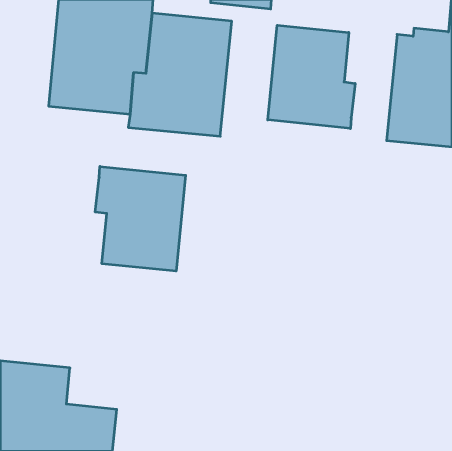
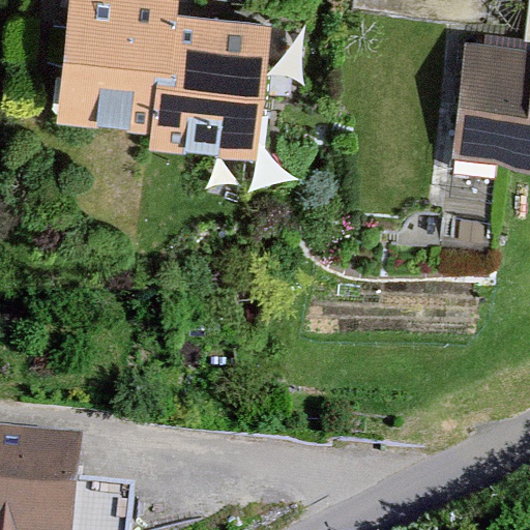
building: [268,25,355,129] -> none
building: [95,166,186,271] -> none

